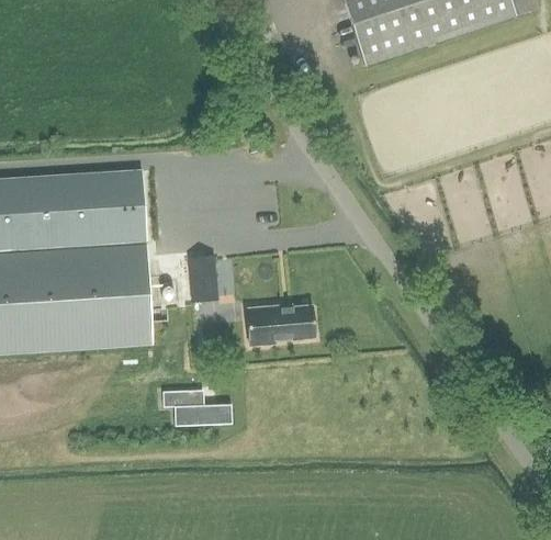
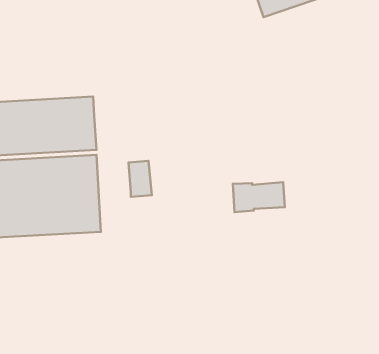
building: [247,304,315,344] -> [233,182,285,212]
building: [162,389,232,425] -> none

